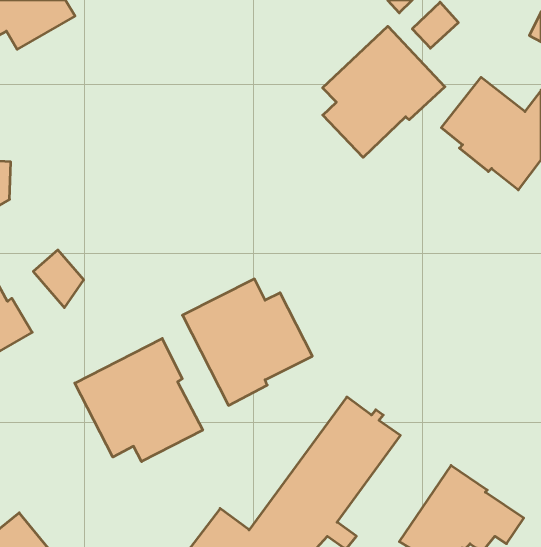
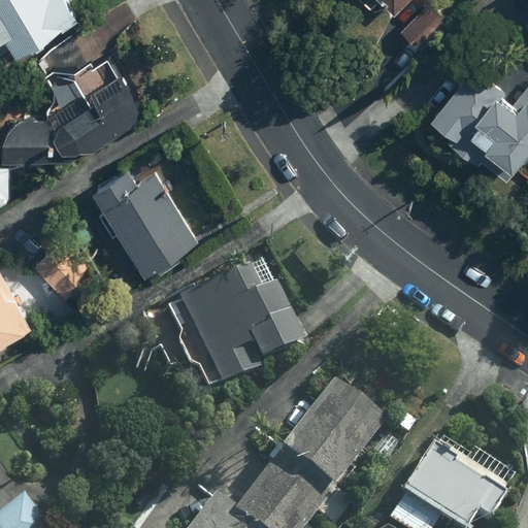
building: [323,26,445,157] -> none
building: none -> [4,62,138,155]
building: none -> [94,166,197,272]
building: [75,338,203,462] -> none

